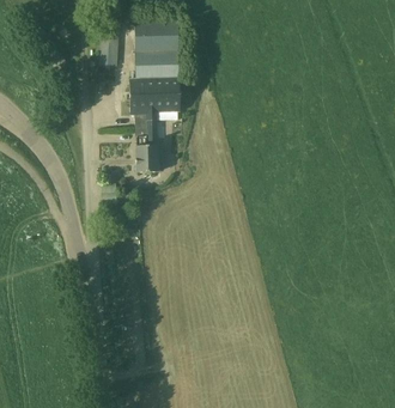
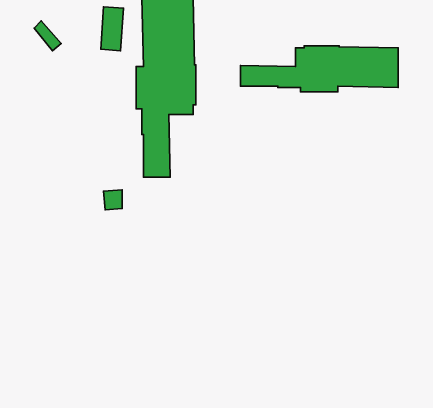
building: none -> [240,46,398,92]

